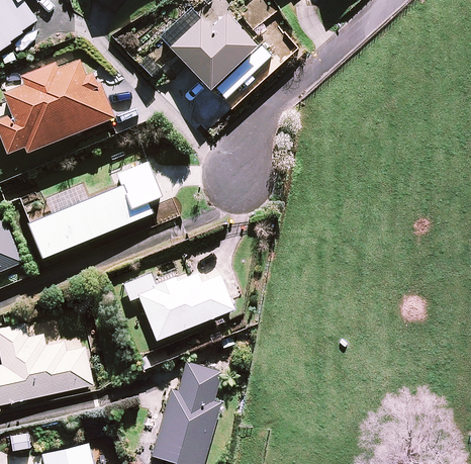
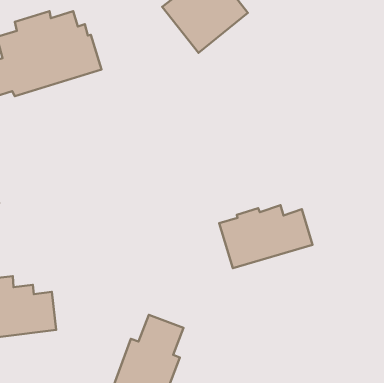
building: [28,161,162,257] -> none
building: [136,272,233,341] -> [219,205,312,268]

